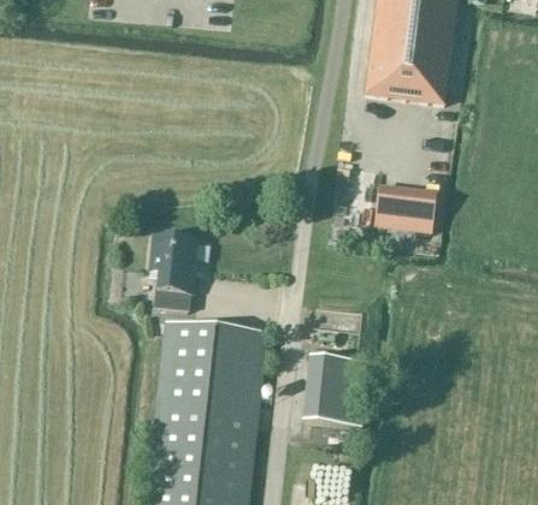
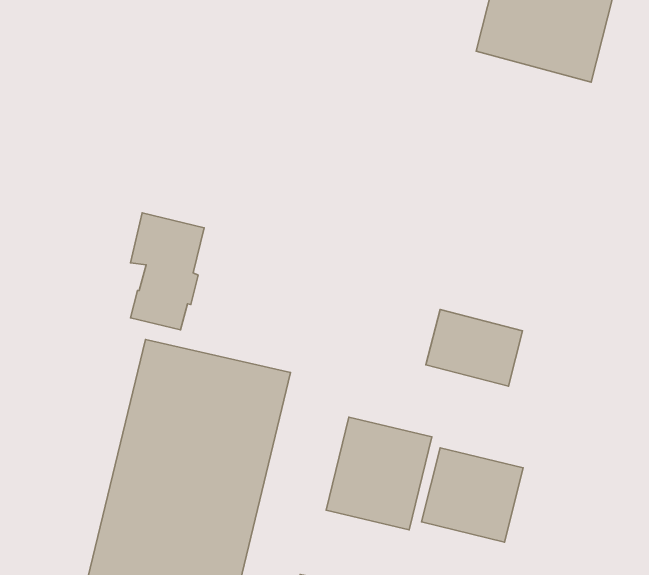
building: [374,183,437,228] -> [426,310,523,386]
building: none -> [422,448,523,542]

